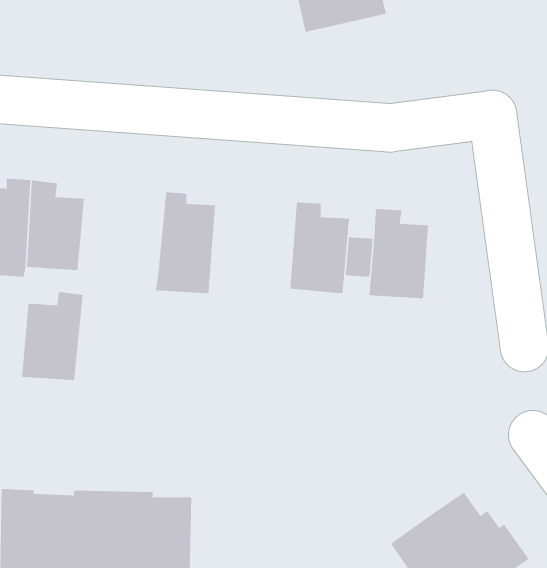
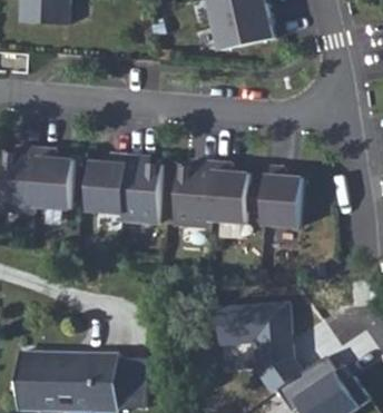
building: none -> [173,161,214,228]
building: [21,292,83,380] -> [86,154,127,213]
building: none -> [216,303,301,392]

